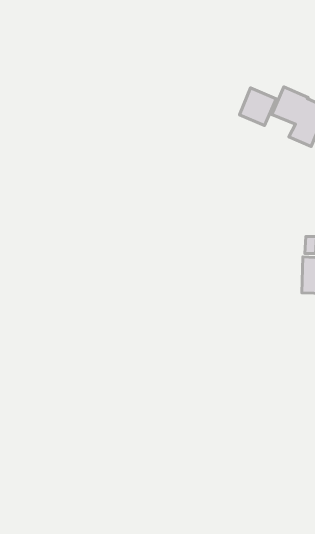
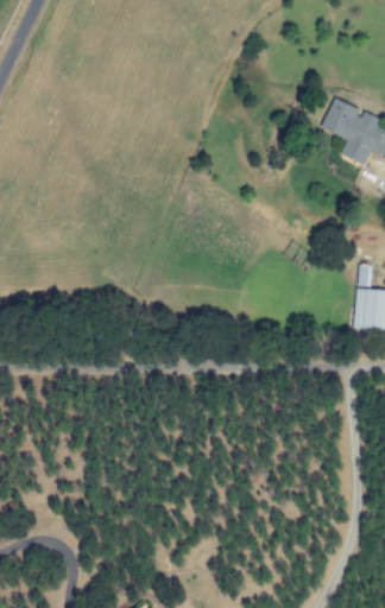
building: [240,88,276,126] -> none

